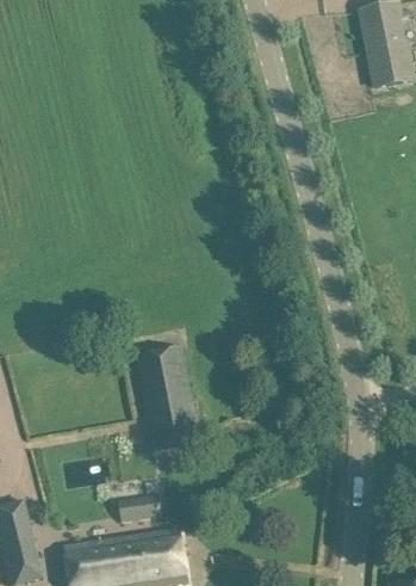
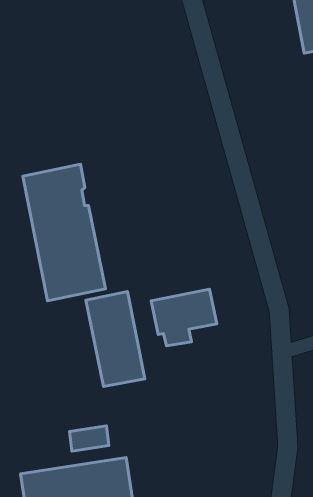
building: none -> [23,164,105,301]
building: none -> [151,289,217,346]

